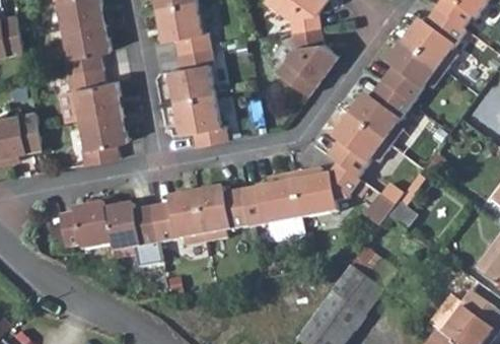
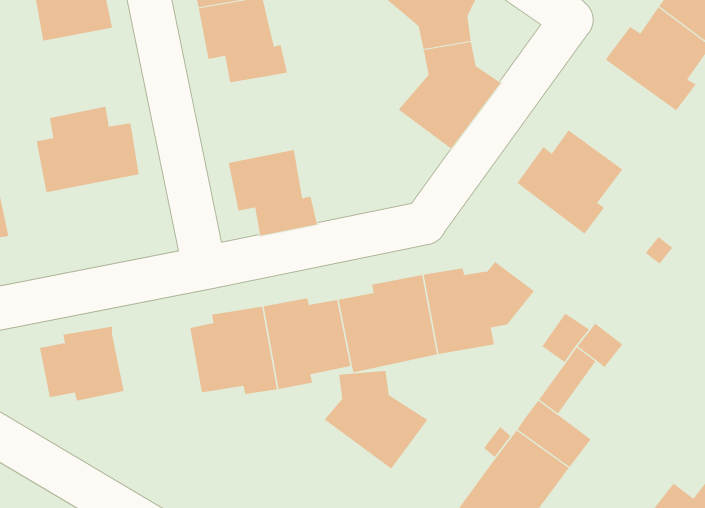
building: [61,20,109,75] -> none
building: [380,40,446,107] -> none
building: [167,48,214,102] -> none
building: [78,110,126,164] -> none
building: [326,115,390,181] -> none
building: [103,202,157,256] -> none
building: none -> [324,370,428,470]

